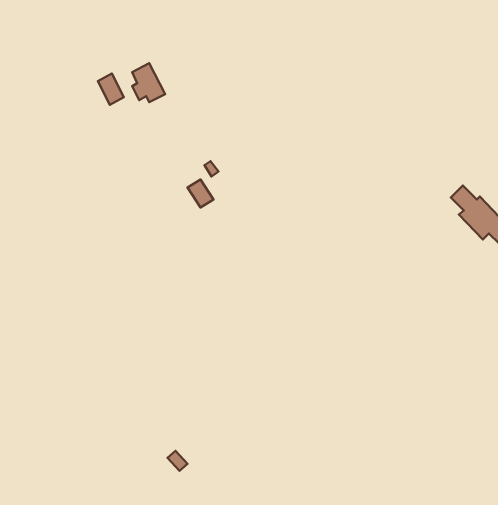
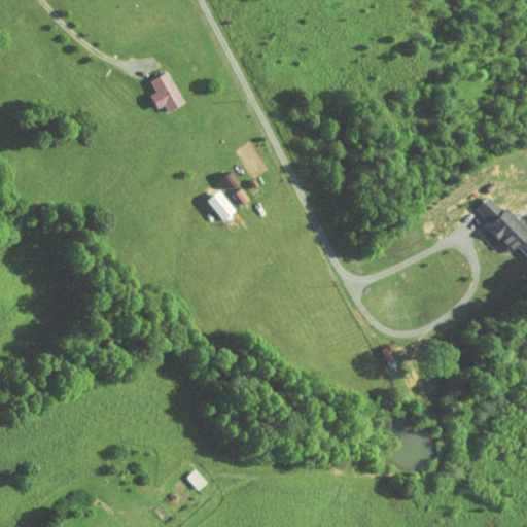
building: [98,74,124,105] -> none

